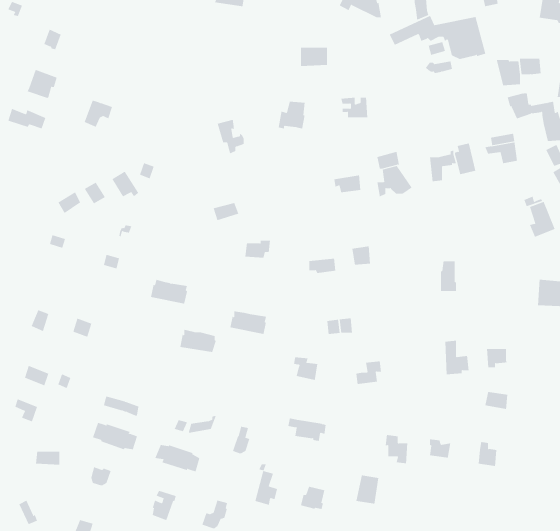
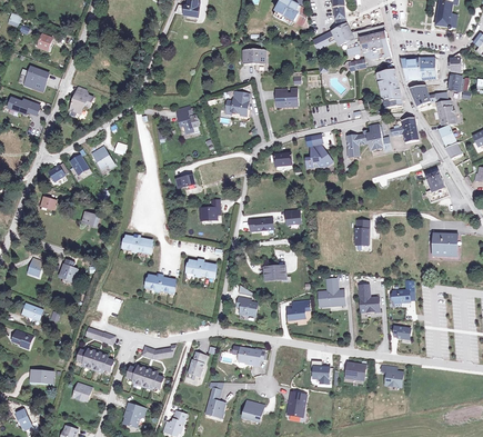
building: none -> [376,69,402,100]
building: none -> [318,277,343,305]

